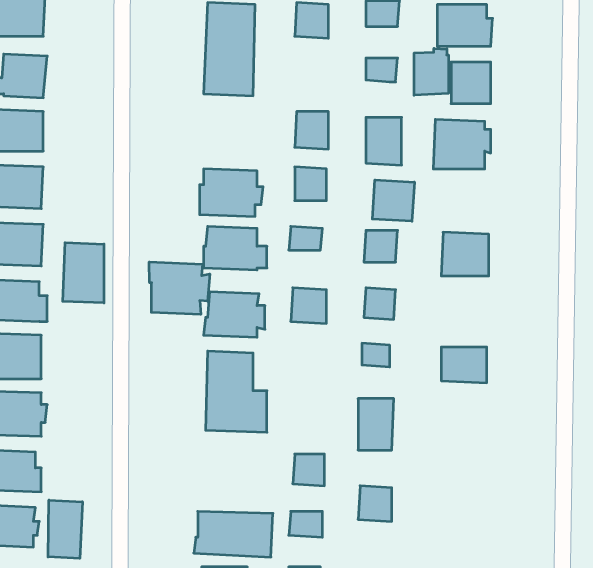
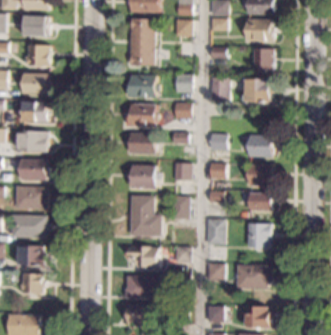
building: [414,48,448,95] -> none
building: none -> [127,75,158,98]
building: [372,180,414,221] -> none
building: [63,243,104,303] -> none
building: [149,262,210,314] -> none
building: none -> [248,164,272,186]
building: none -> [171,196,188,220]
building: none -> [247,223,271,248]
building: none -> [127,247,159,267]
building: none -> [235,264,271,289]
building: [48,500,82,558] -> none

